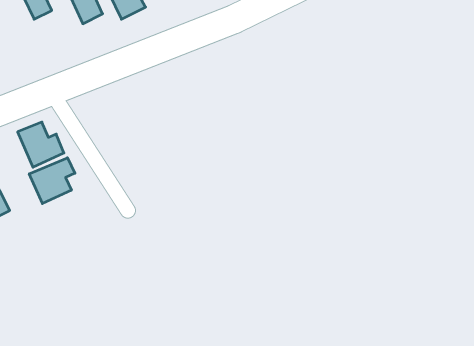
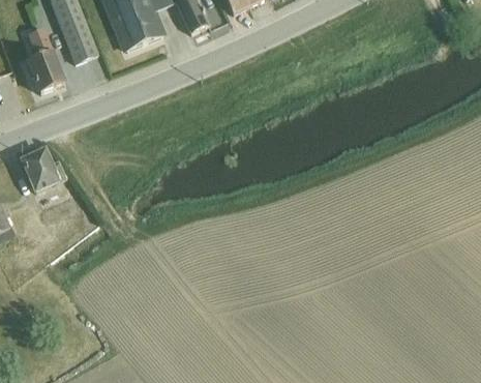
building: none -> [23,50,59,91]
building: [29,158,75,204] -> none

